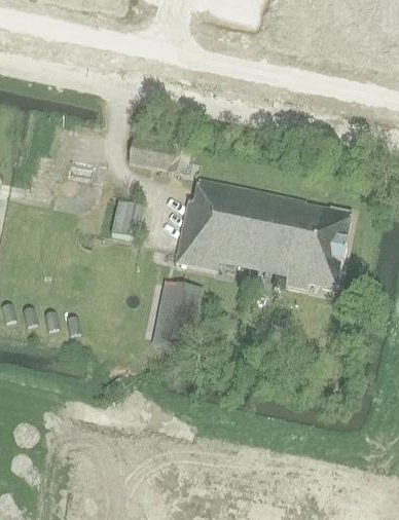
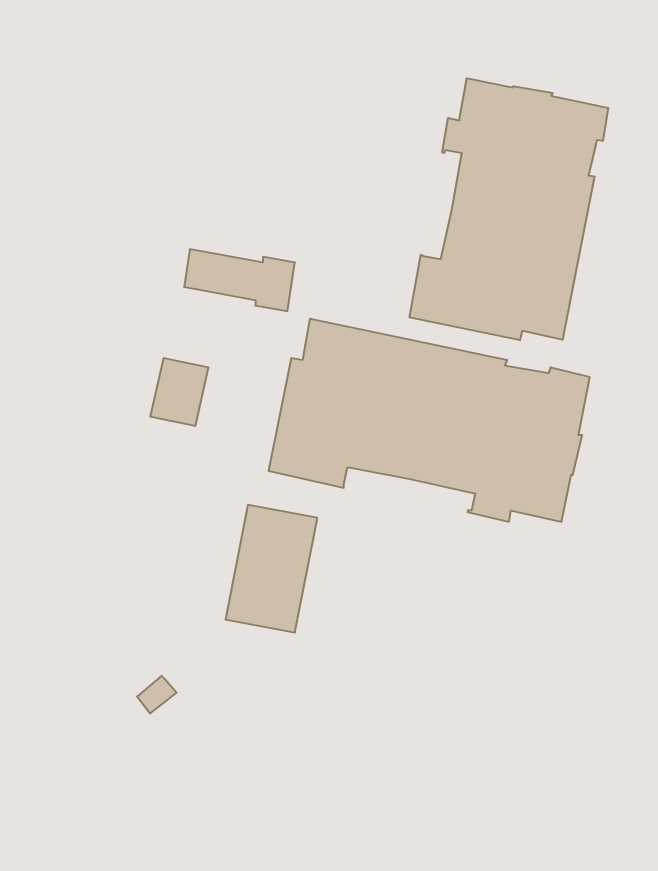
building: none -> [410,78,608,340]

